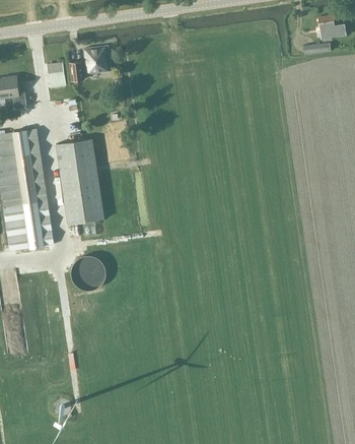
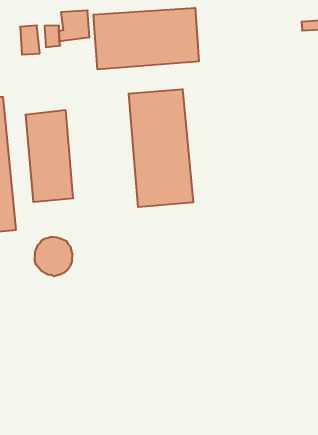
building: none -> [93,8,199,69]
building: none -> [129,89,193,207]

